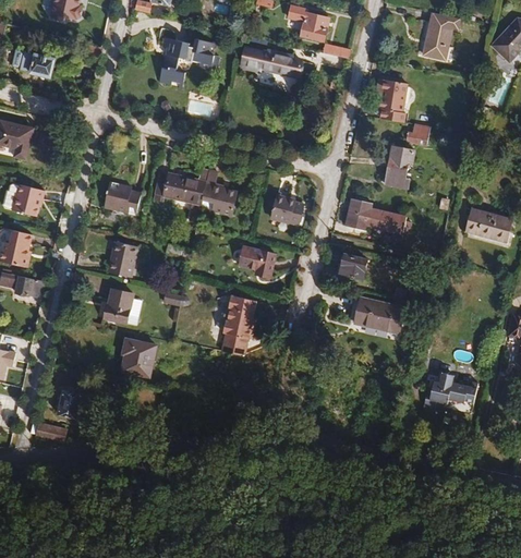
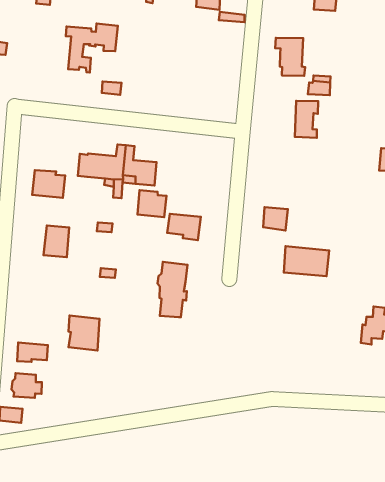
building: [240,47,302,75] -> none
building: [270,194,303,226] -> [138,190,166,217]
building: [346,198,407,233] -> none
building: [102,288,141,325] -> none
building: none -> [17,343,48,362]

